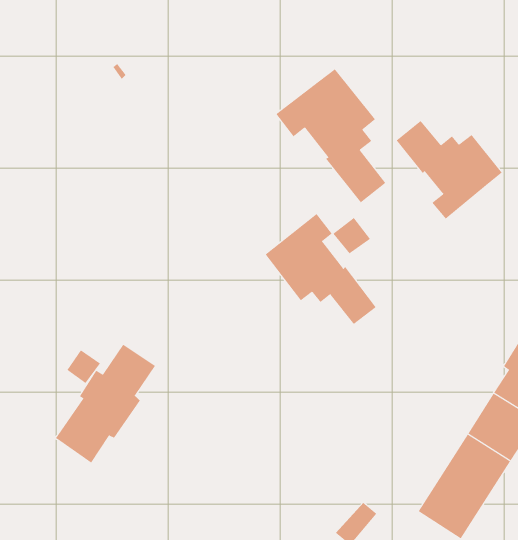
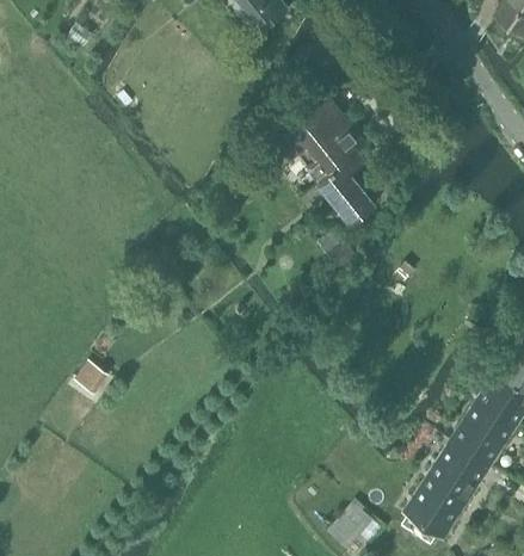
building: [396,120,502,220] -> none
building: [265,213,377,325] -> none
building: [55,344,156,464] -> none

